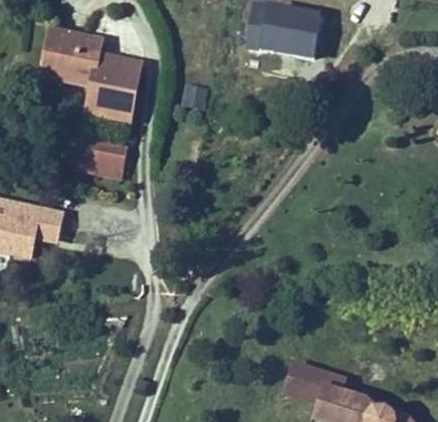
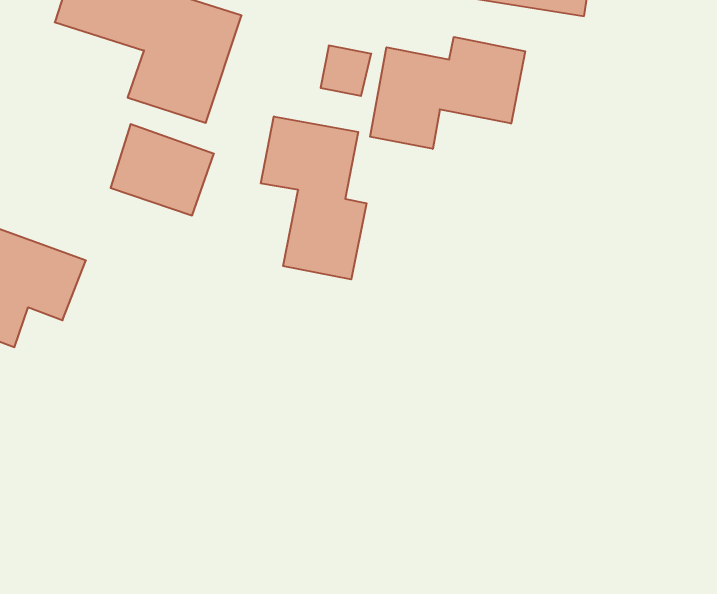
building: none -> [370,37,525,149]
building: none -> [261,116,367,279]

